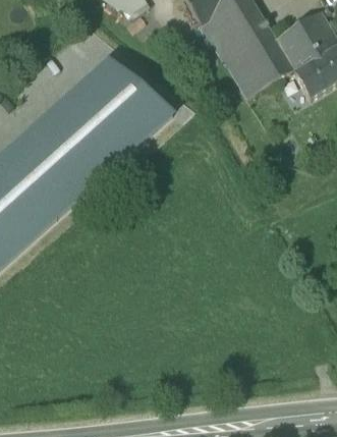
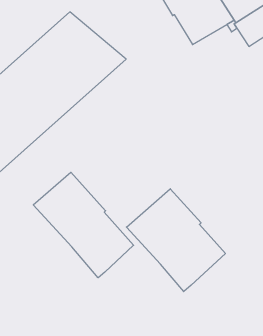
building: none -> [33,172,134,278]
building: none -> [126,189,225,292]

